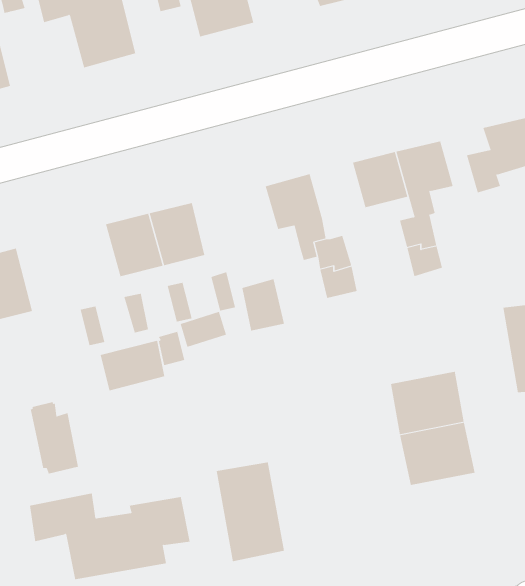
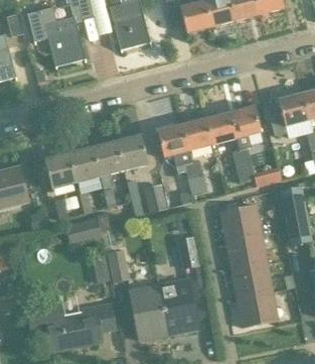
building: none -> [181,119,211,150]
building: none -> [116,135,148,170]
building: none -> [43,153,75,189]
building: none -> [219,205,262,242]
building: none -> [176,236,198,269]
building: [30,401,79,474] -> [103,243,130,283]
building: none -> [158,279,196,335]
building: none -> [237,291,278,327]

